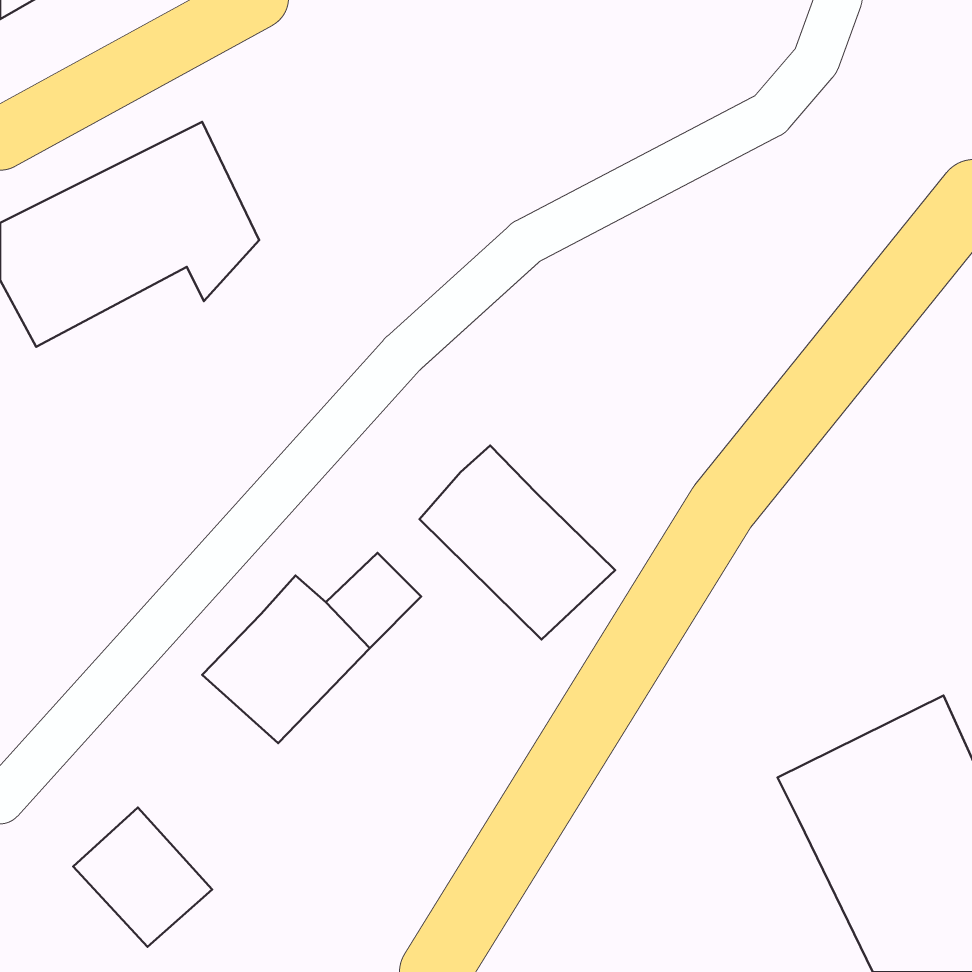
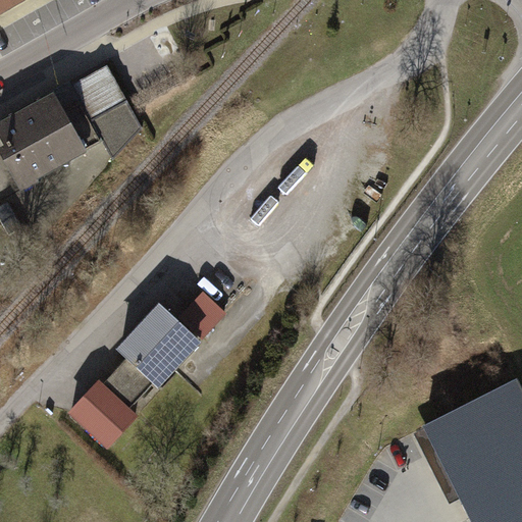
building: [420,445,615,640] -> none
building: [73,808,212,947] -> [65,378,140,453]

